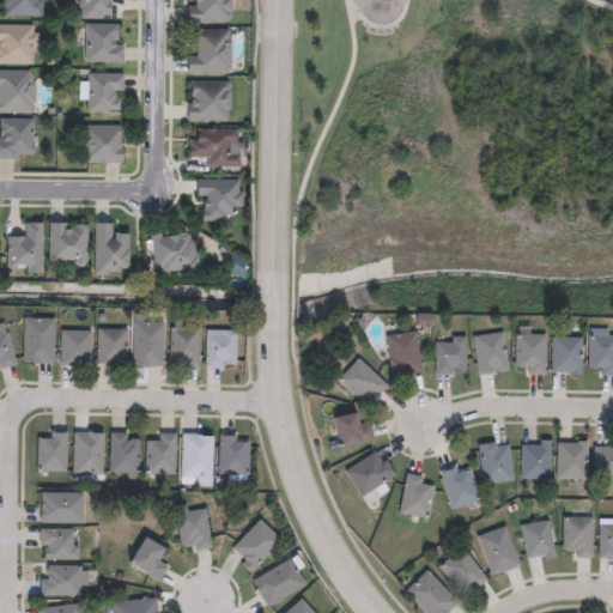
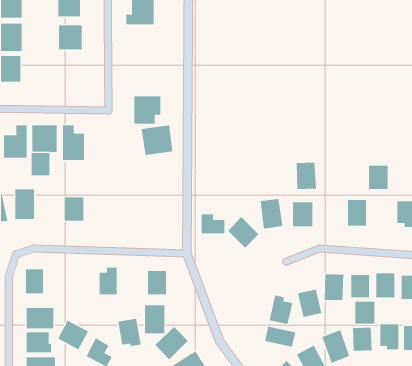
building: [189,81,230,121] -> none
building: [83,125,122,163] -> none
building: [190,129,237,166] -> none
building: [151,230,199,275] -> [141,125,173,156]
building: [171,320,199,366] -> none
building: [133,321,163,365] -> none
building: [61,329,90,364] -> [31,153,50,176]
building: [206,329,237,366] -> none
building: [475,332,506,372] -> [296,162,317,190]
building: [552,335,582,371] -> [368,165,388,189]
building: [336,413,372,443] -> [201,214,225,234]
building: [75,432,104,472] -> none
building: [183,433,214,477] -> [144,305,165,334]
building: [111,435,140,472] -> none
building: [346,449,395,496] -> none
building: none -> [355,301,375,324]
building: none -> [57,320,89,350]
building: none -> [264,326,296,348]

